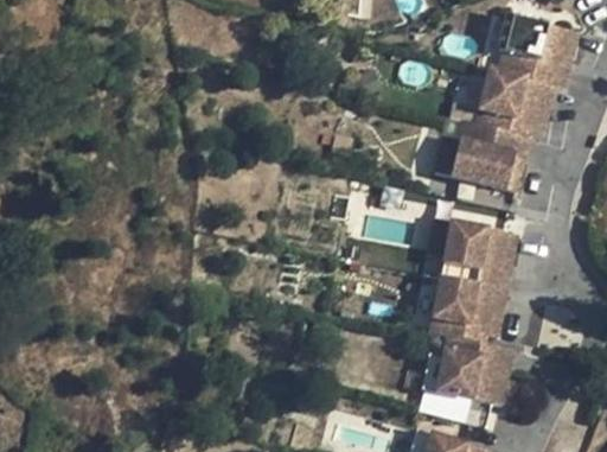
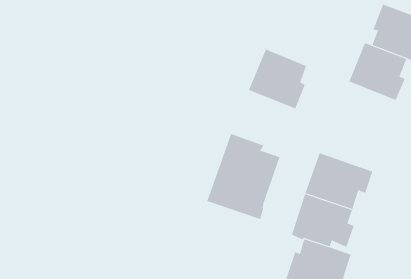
building: [448,120,522,193] -> [248,48,307,109]
building: none -> [206,133,280,220]

